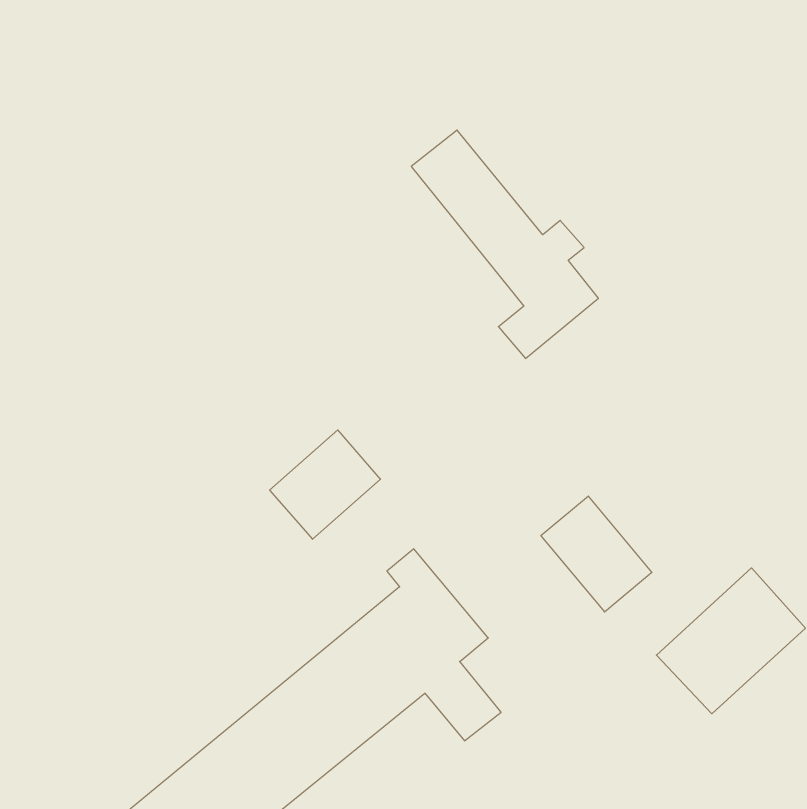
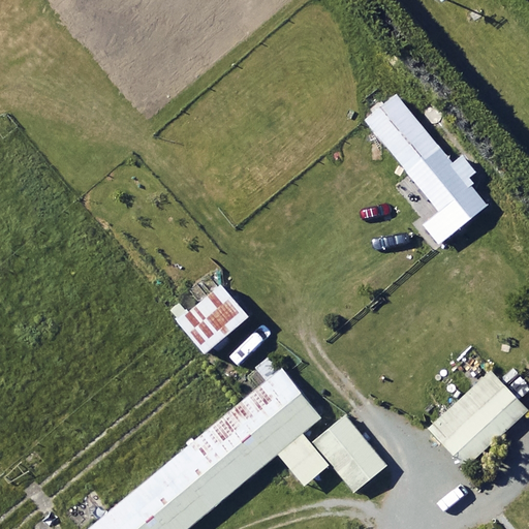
building: [411,130,598,358] -> [366,95,488,244]
building: [541,496,652,612] -> [313,415,385,491]

